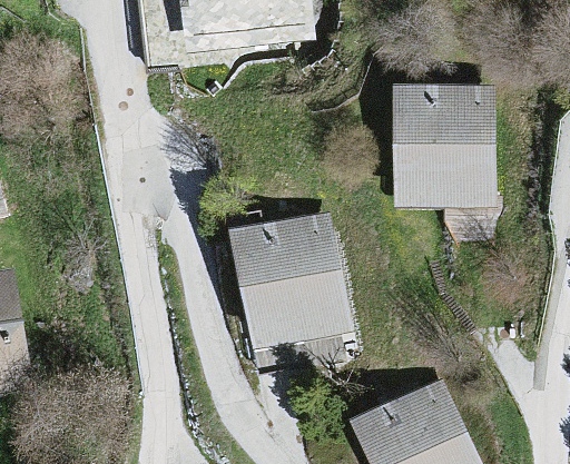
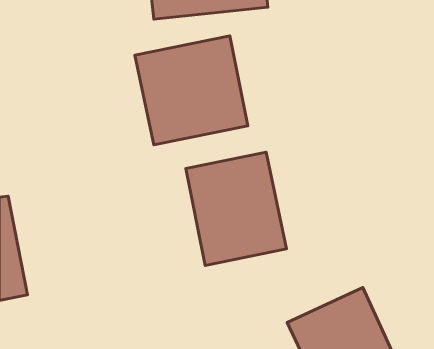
building: none -> [135,36,248,145]
building: [393,85,498,208] -> none

